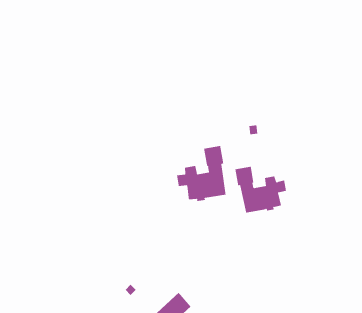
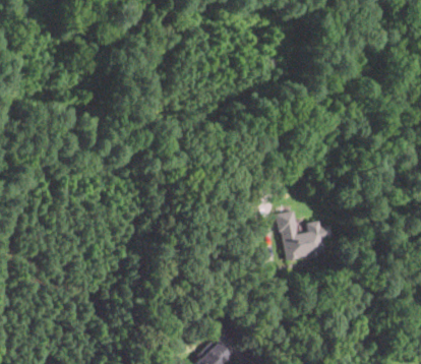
building: [176,145,226,202] -> none

